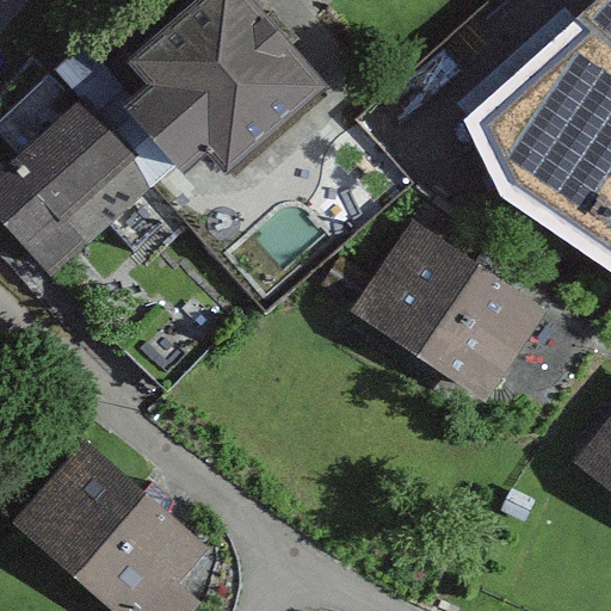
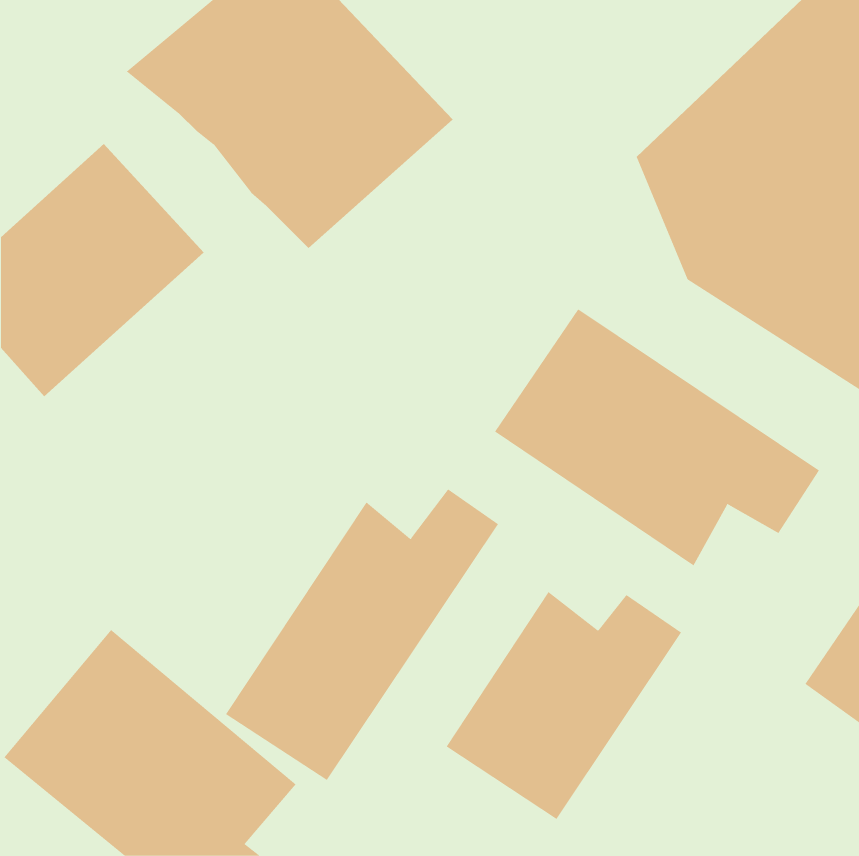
building: none -> [225,489,499,781]
building: none -> [446,591,682,820]

